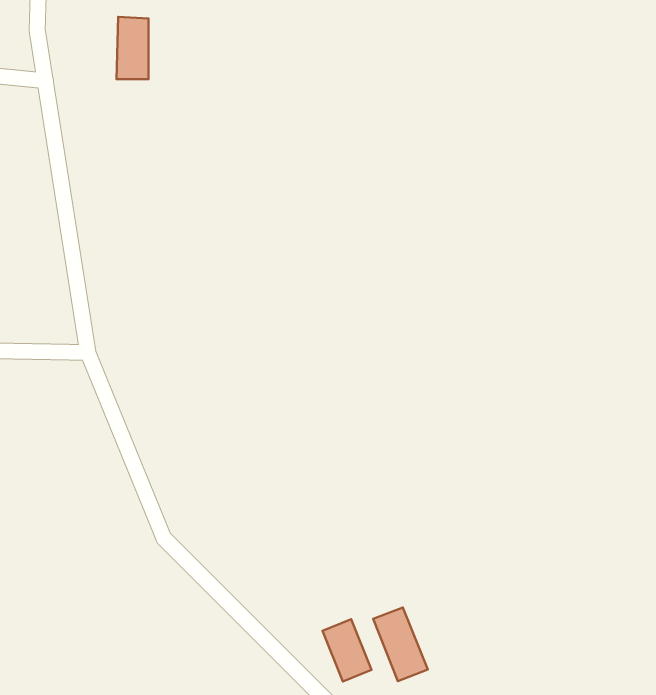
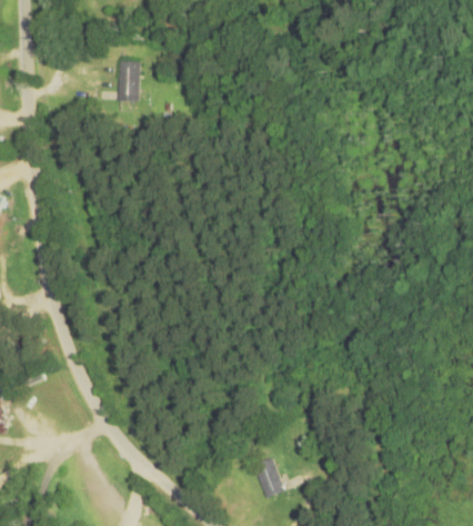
building: [373,607,428,681] -> none

